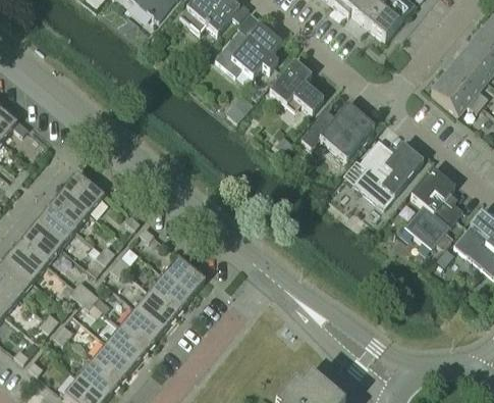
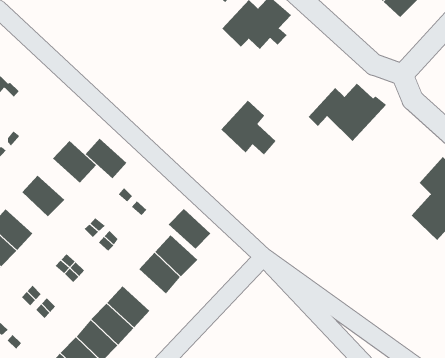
building: [269,60,323,112] -> [220,100,277,155]
building: [353,139,423,207] -> none
building: [48,190,89,229] -> [85,138,127,179]
building: [19,223,60,262] -> none
building: [134,291,176,330] -> [168,208,211,250]

